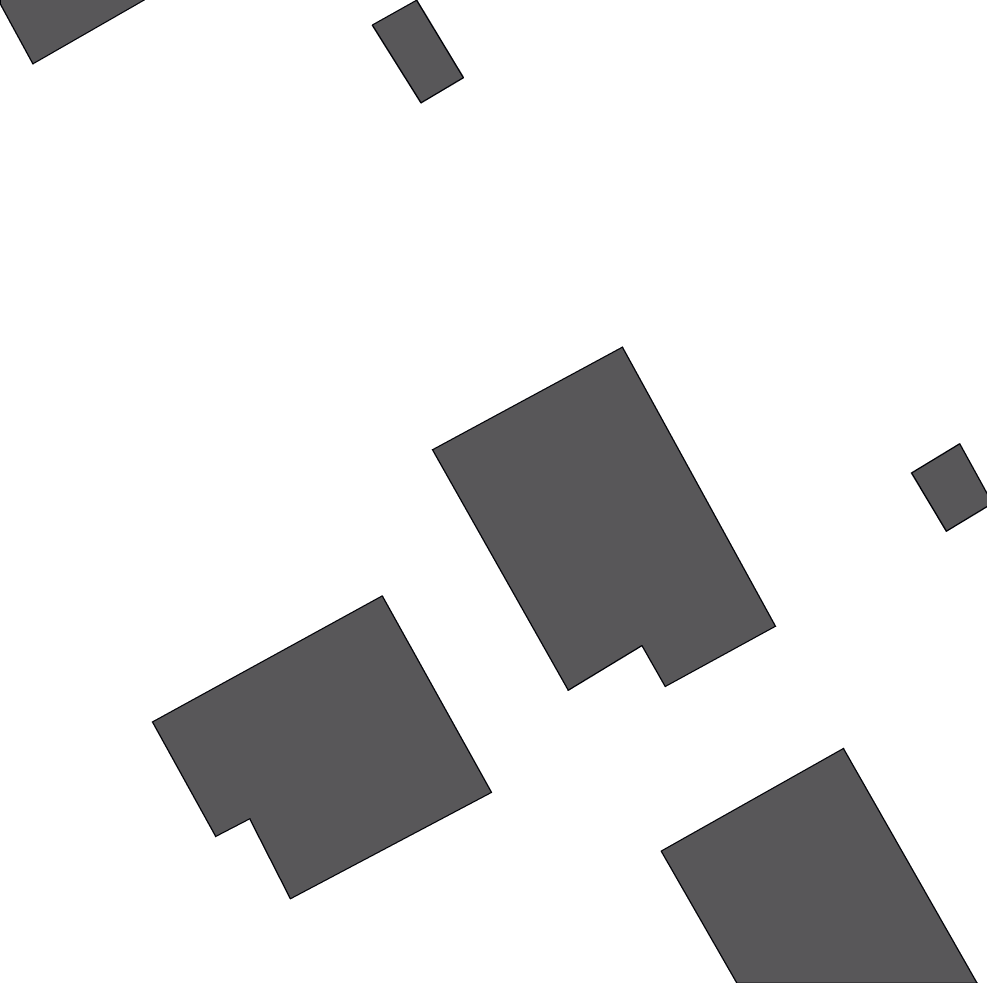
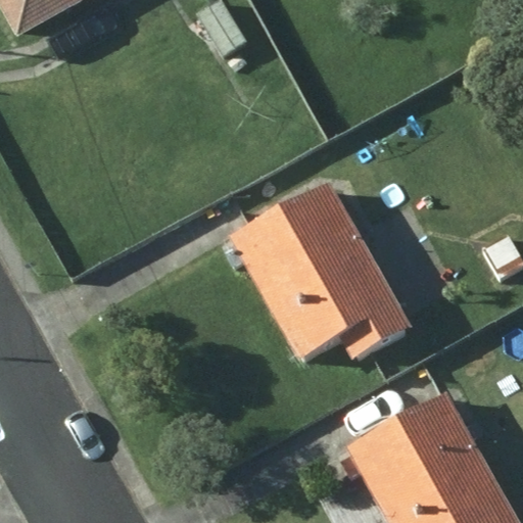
building: [152,596,491,899] -> none

